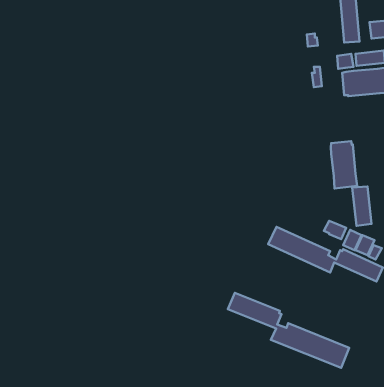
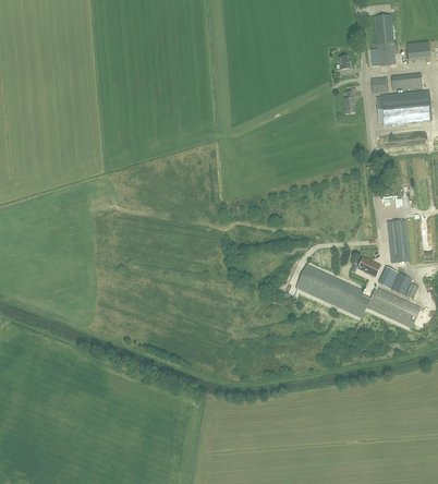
building: [331,141,357,188] -> none
building: [228,293,349,368] -> none

